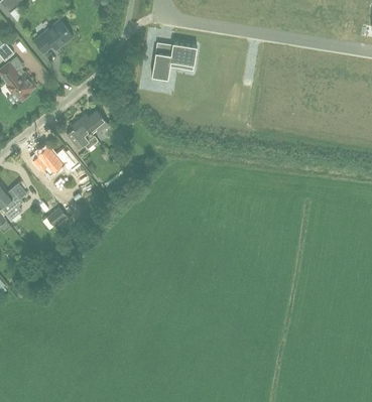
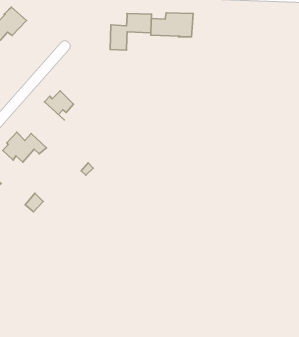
building: none -> [151,13,193,37]
building: [67,119,97,149] -> none

